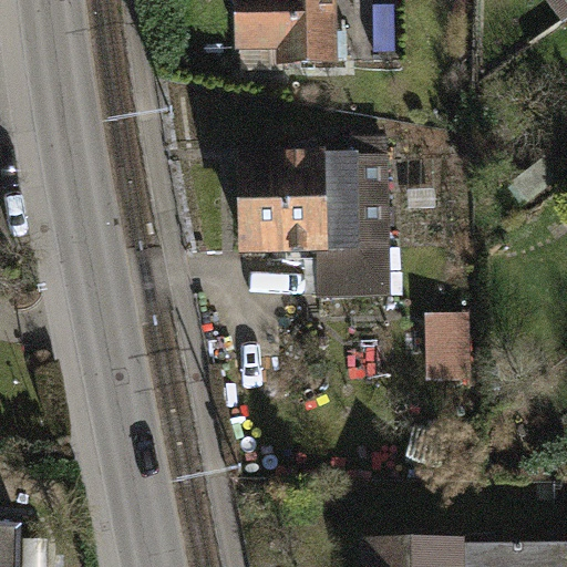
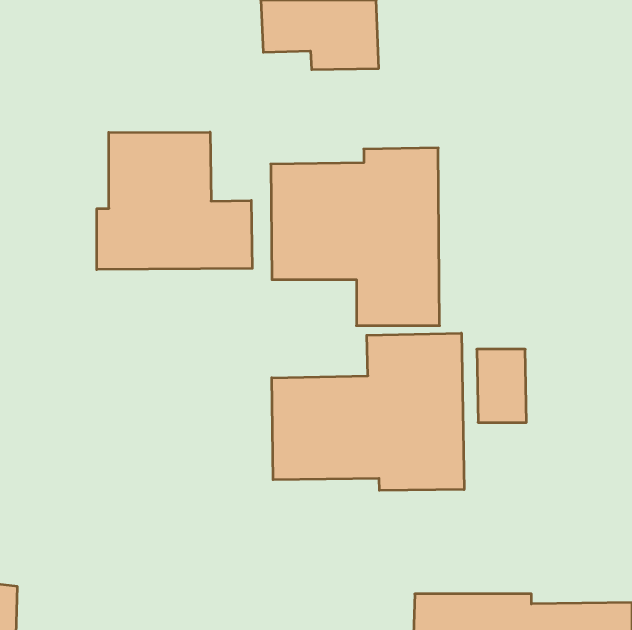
building: none -> [97,132,252,270]
building: none -> [272,333,464,490]

